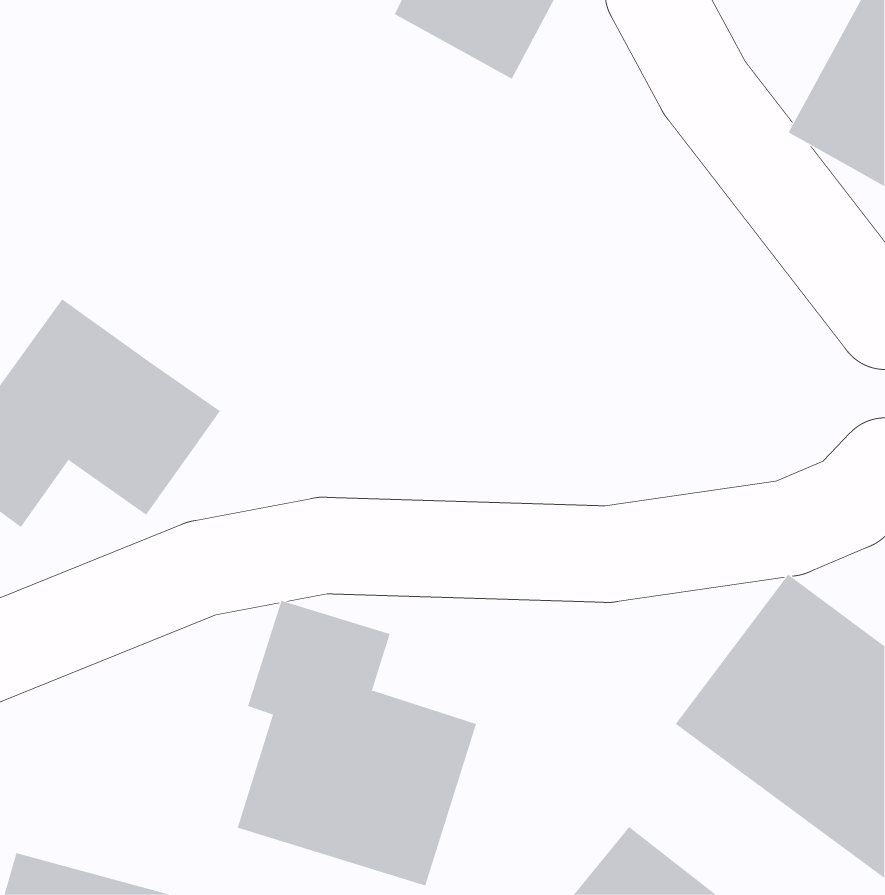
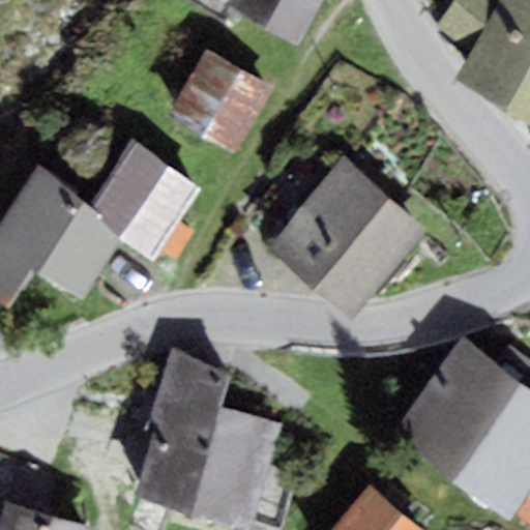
building: none -> [167,52,271,154]
building: none -> [88,146,205,261]
building: none -> [268,164,422,318]

